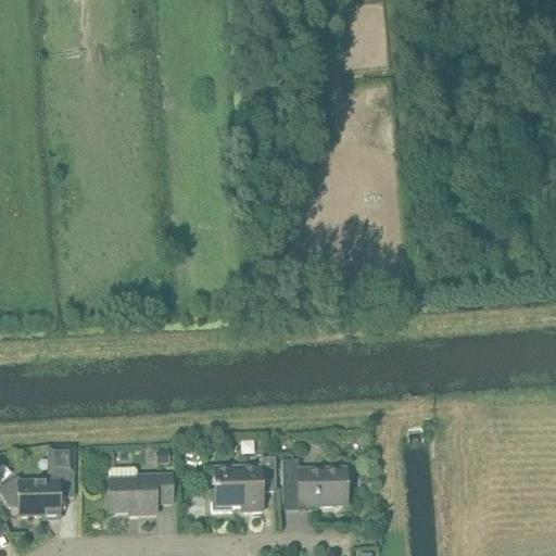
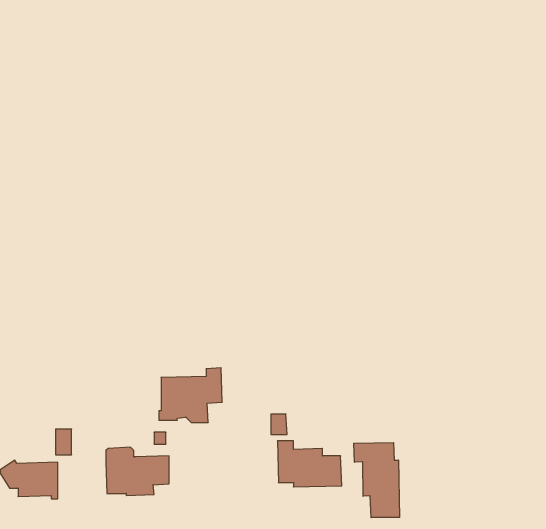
building: [213,456,277,511] -> [159,368,222,422]
building: none -> [354,443,400,518]

